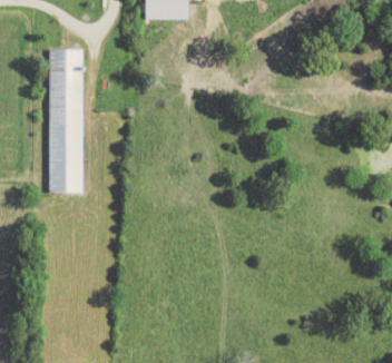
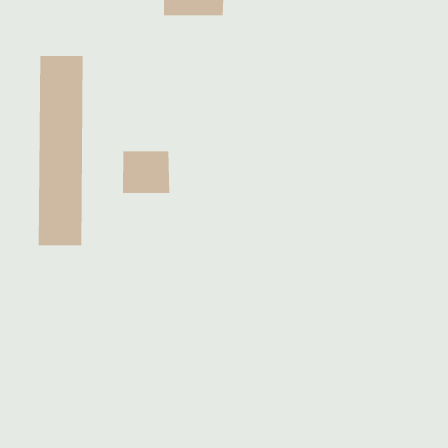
building: none -> [122,150,170,194]

